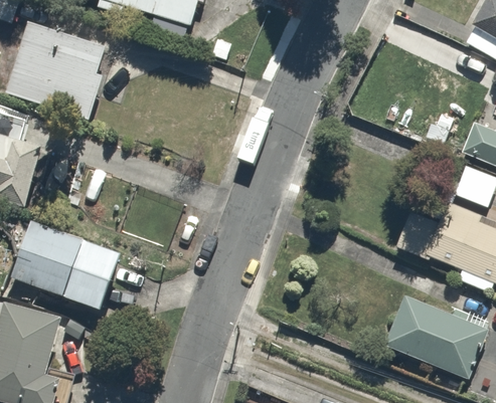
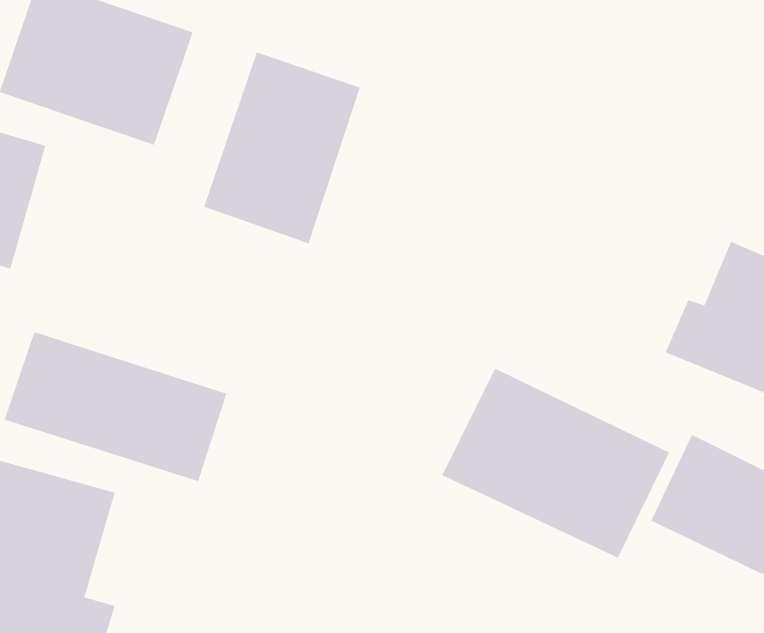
building: none -> [204,52,361,244]
building: none -> [442,368,670,558]

